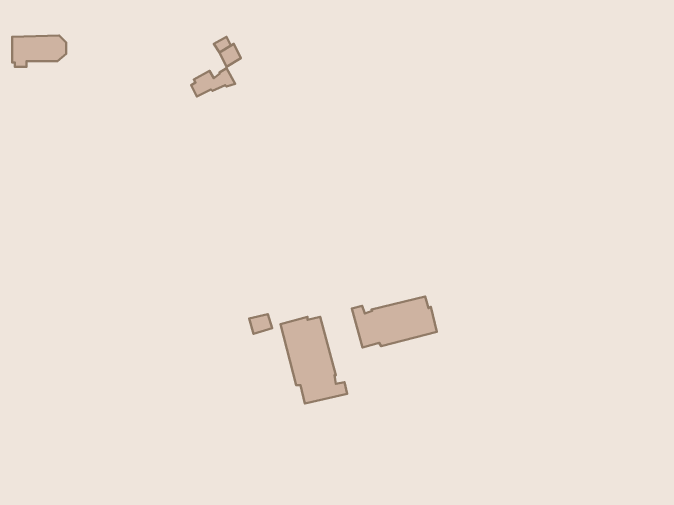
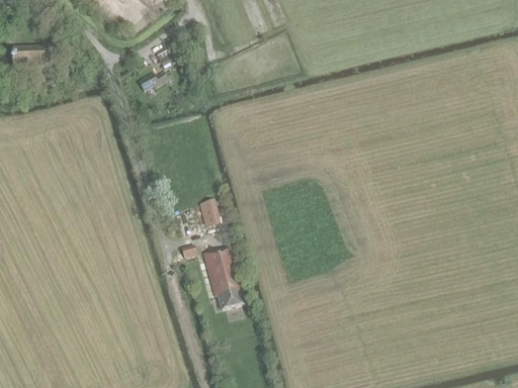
building: none -> [199,200,220,227]
building: [352,297,437,347] -> none

